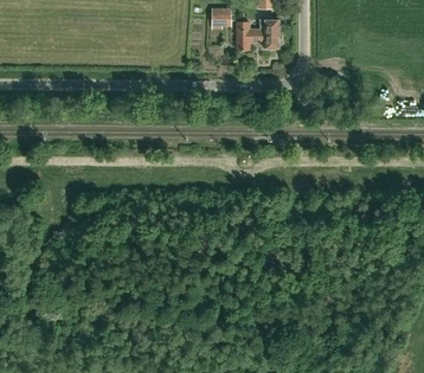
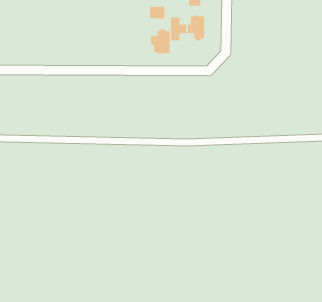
building: none -> [150,29,170,54]

